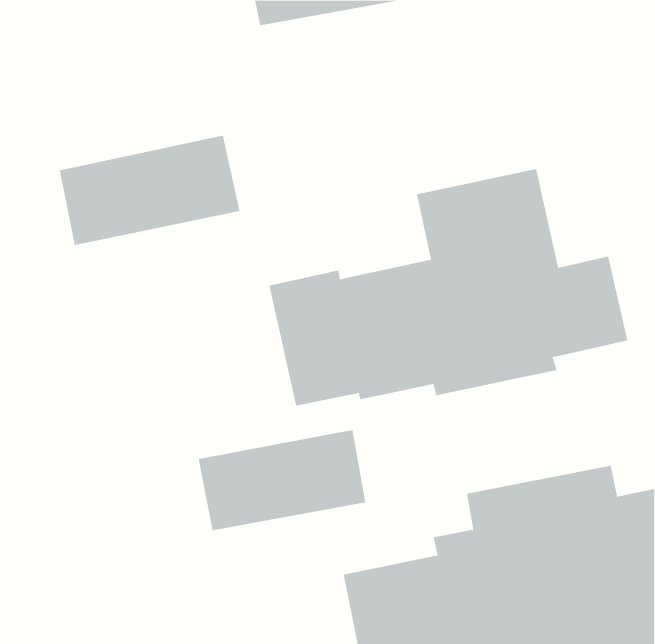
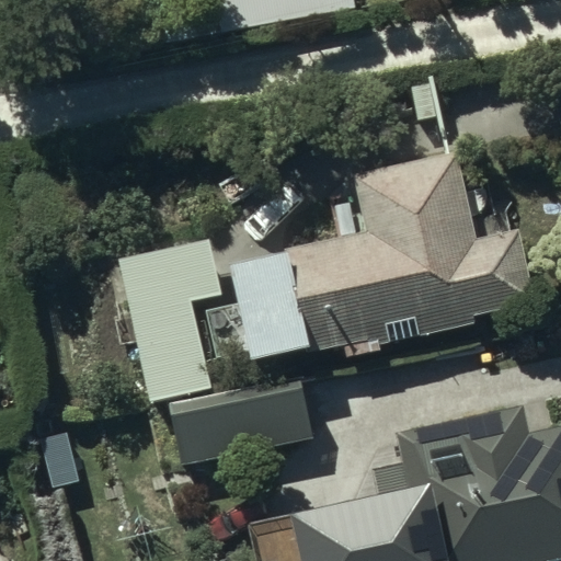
building: [59,135,240,246] -> none
building: none -> [119,239,219,401]

